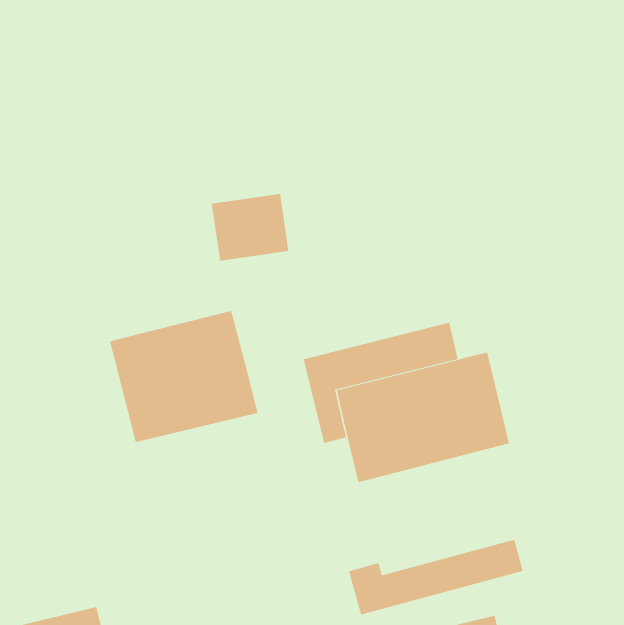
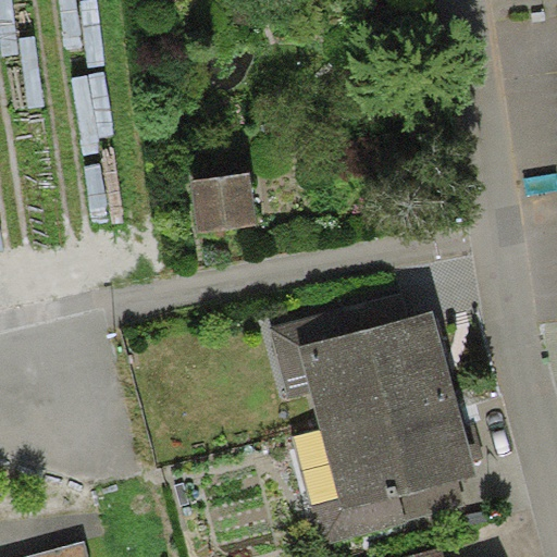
building: [109,310,258,443] -> none
building: none -> [318,395,473,511]

